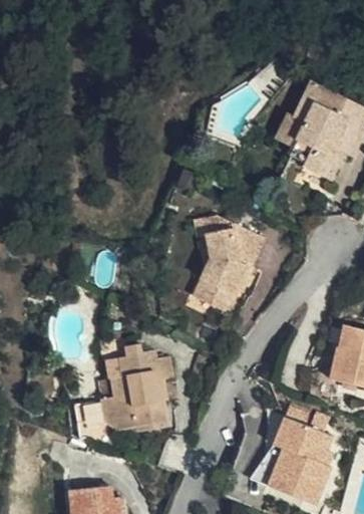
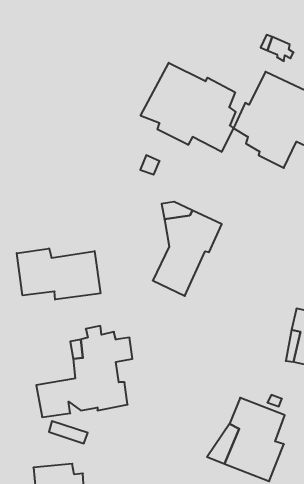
building: none -> [141,63,236,152]
building: none -> [17,248,100,300]

